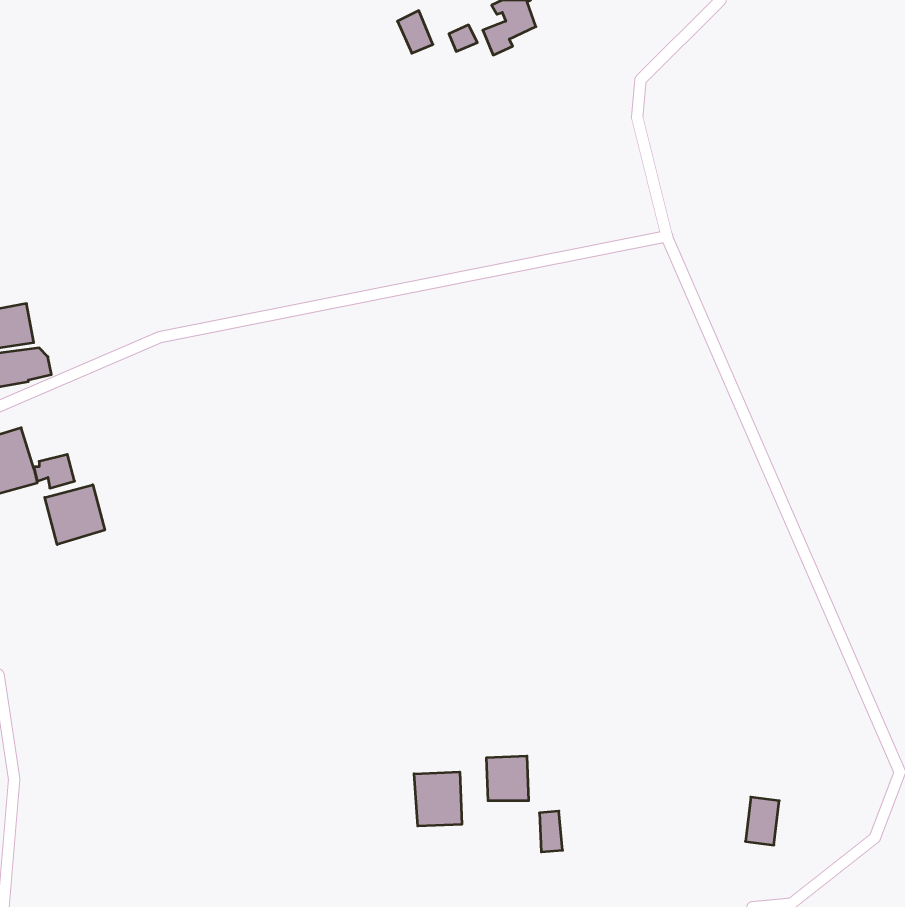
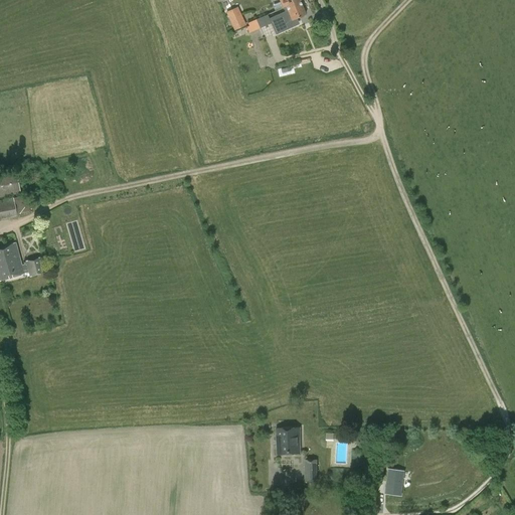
building: [45,485,105,545] -> none
building: [414,772,462,826] -> none
building: [745,797,779,845] -> [384,469,403,496]

